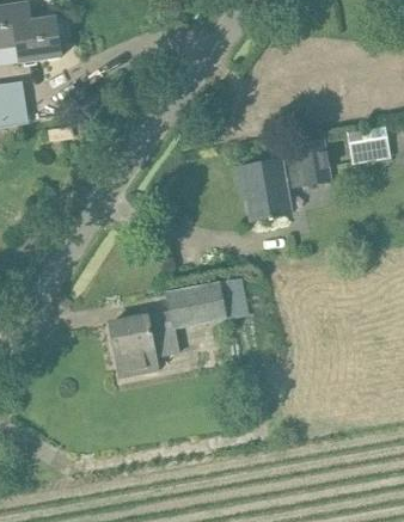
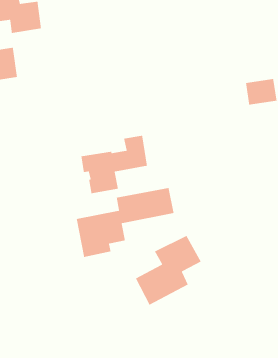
building: [237,136,331,220] -> [81,135,148,194]
building: none -> [135,235,202,306]

